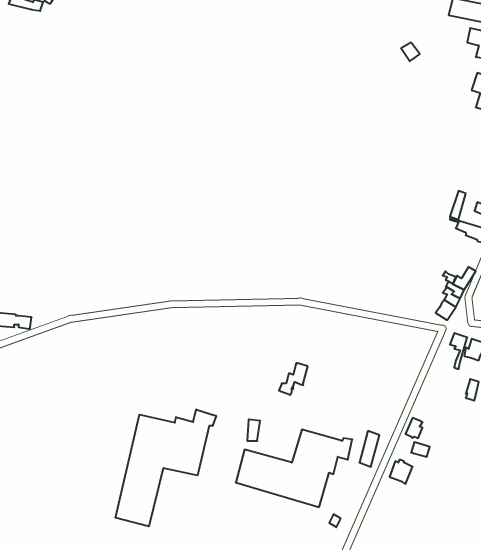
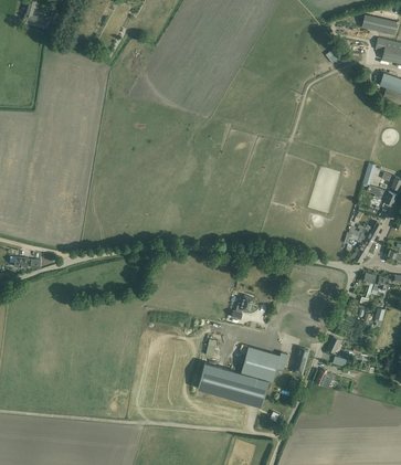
building: [115,409,216,526] -> none

